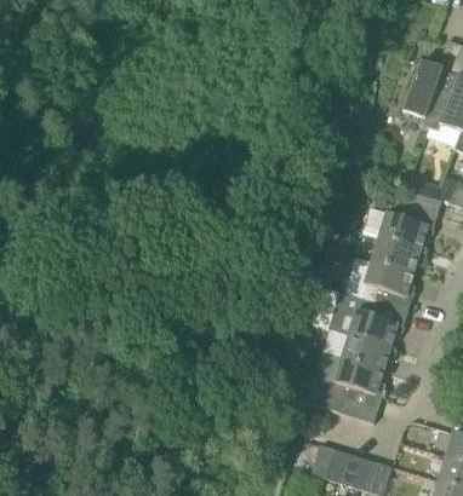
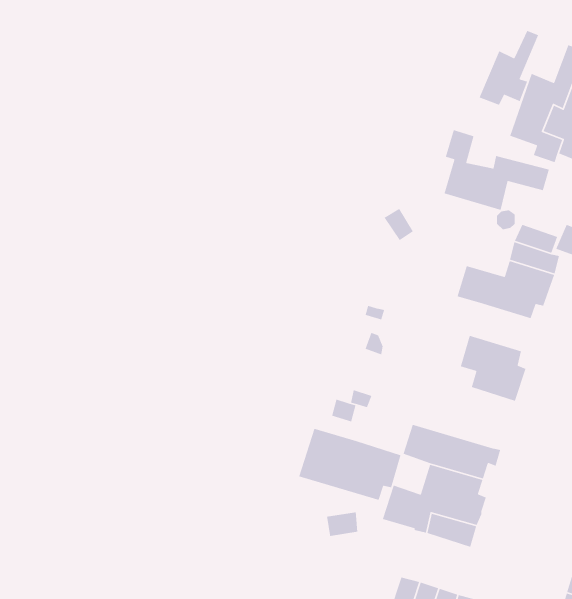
building: none -> [479,30,539,106]
building: none -> [443,129,550,211]
building: [371,236,425,272] -> none
building: [327,290,406,346] -> [298,428,401,501]

